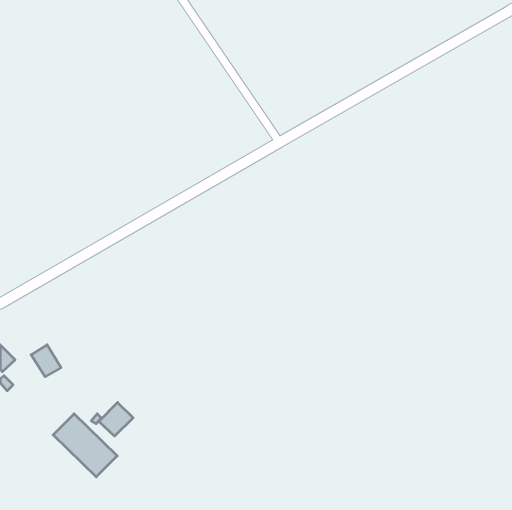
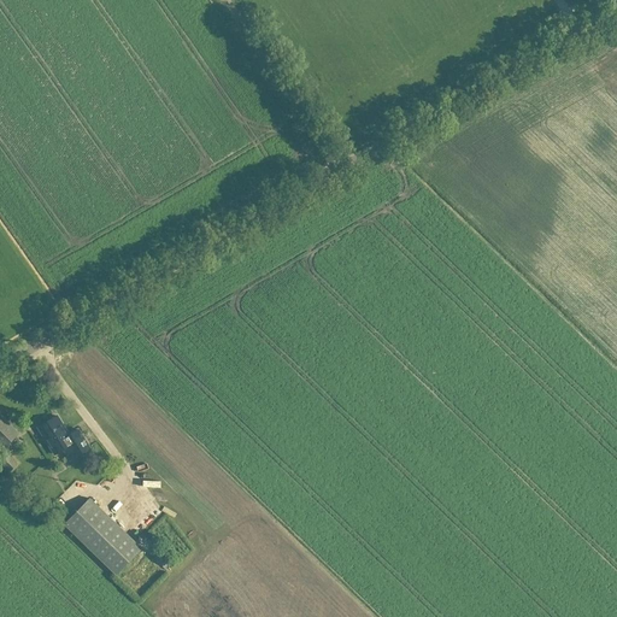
building: [99,402,133,436] -> none

